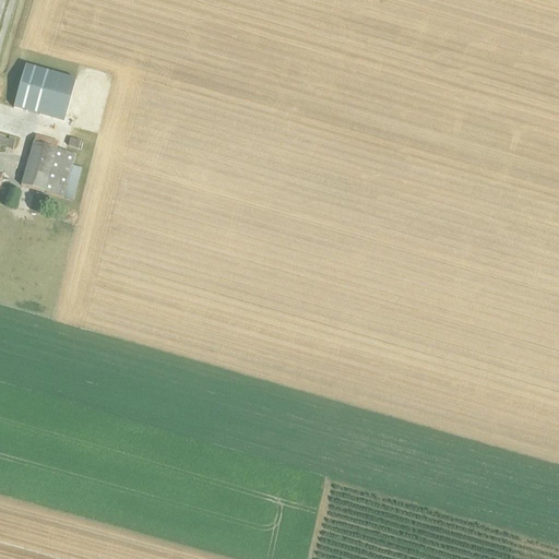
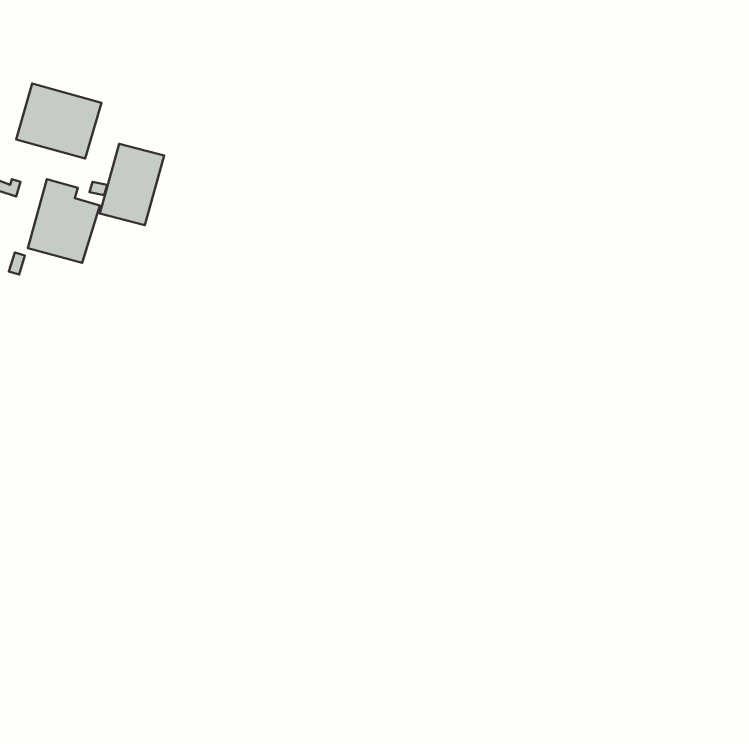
building: none -> [100,144,164,225]

